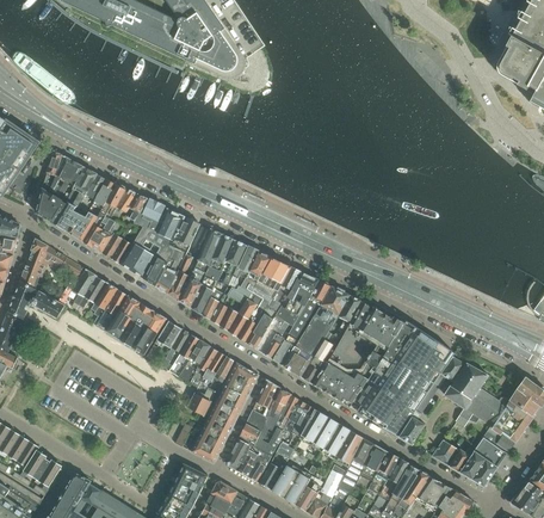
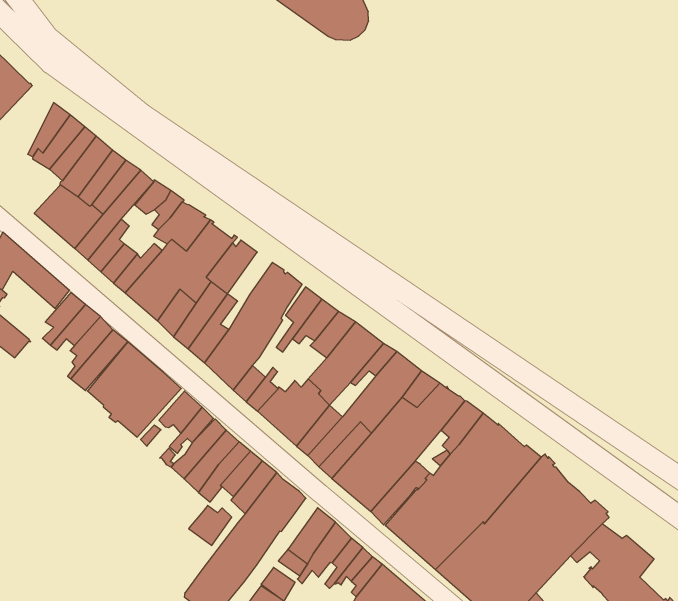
building: [36,189,67,223] -> none

